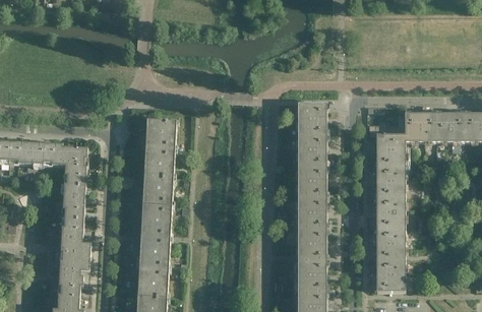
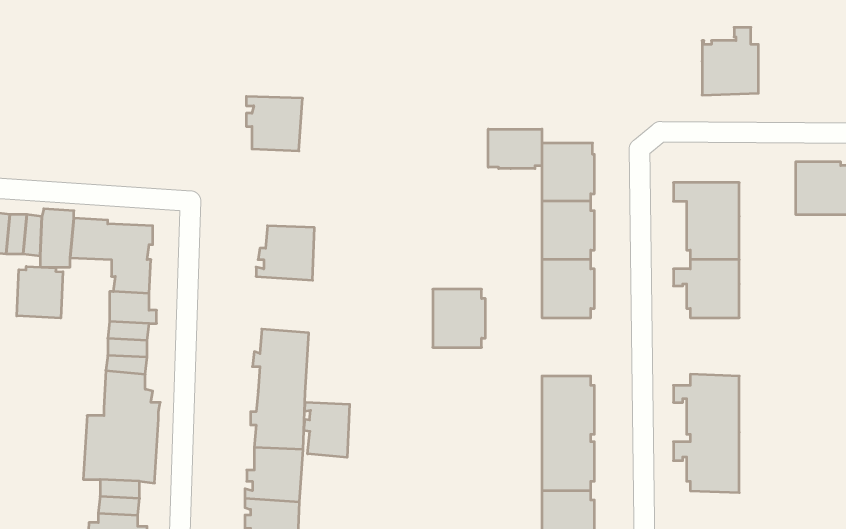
building: none -> [488,129,542,169]
building: [404,105,434,141] -> [702,27,758,95]
building: [145,118,176,147] -> [246,96,303,151]
building: none -> [17,266,63,318]
building: [142,174,173,204] -> none
building: [297,196,325,228] -> [433,289,485,347]
building: [368,196,404,228] -> none
building: none -> [304,402,350,457]

